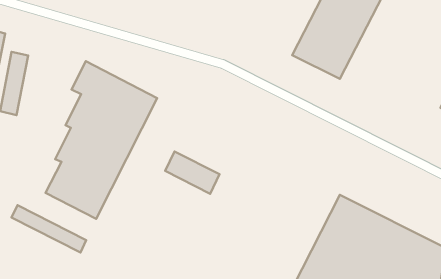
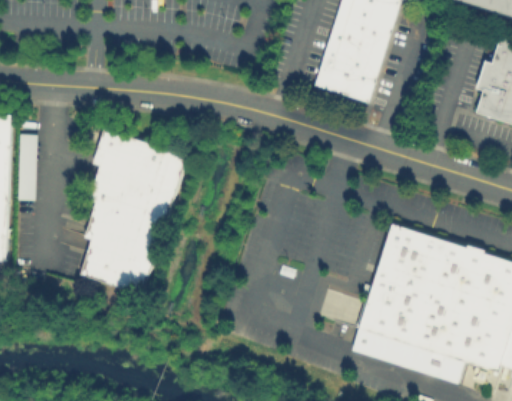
building: [165,151,220,194] -> none
building: [12,205,86,253] -> none

